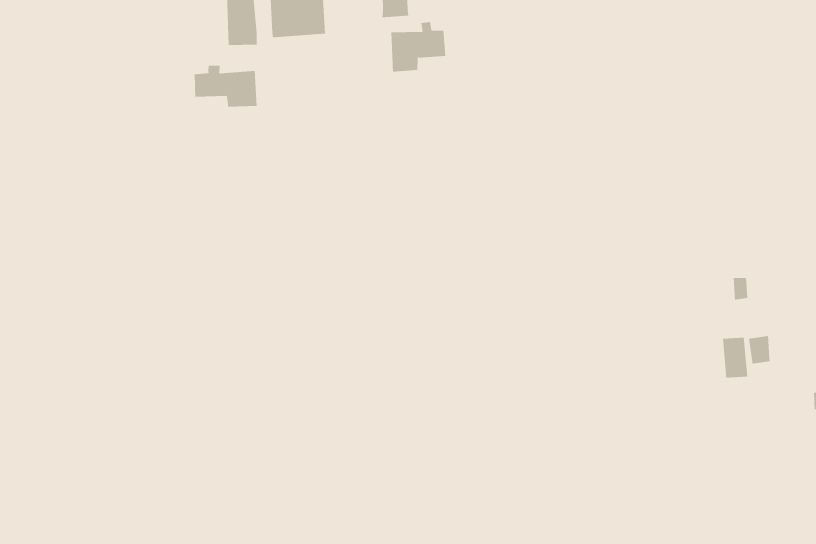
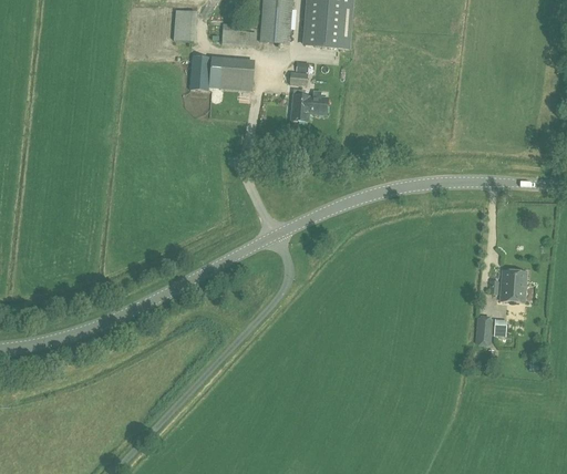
building: [194,65,257,108] -> none
building: none -> [497,269,525,302]

